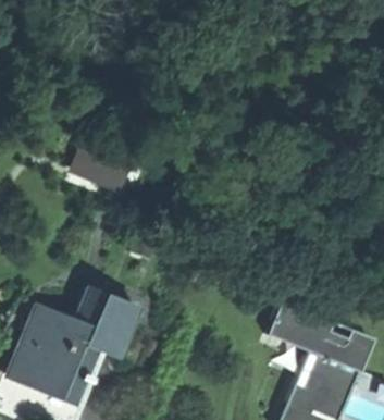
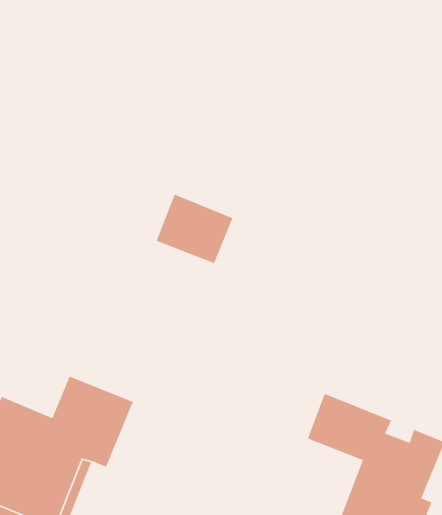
building: [74,131,133,184] -> [156,193,233,264]

